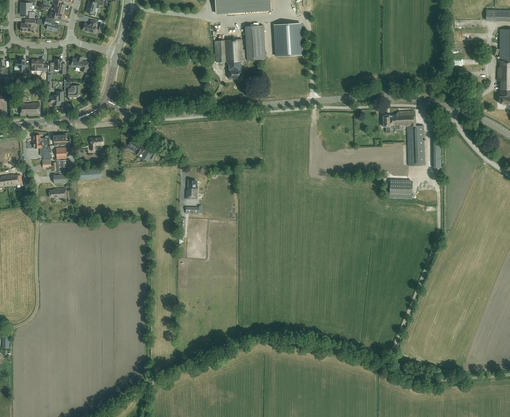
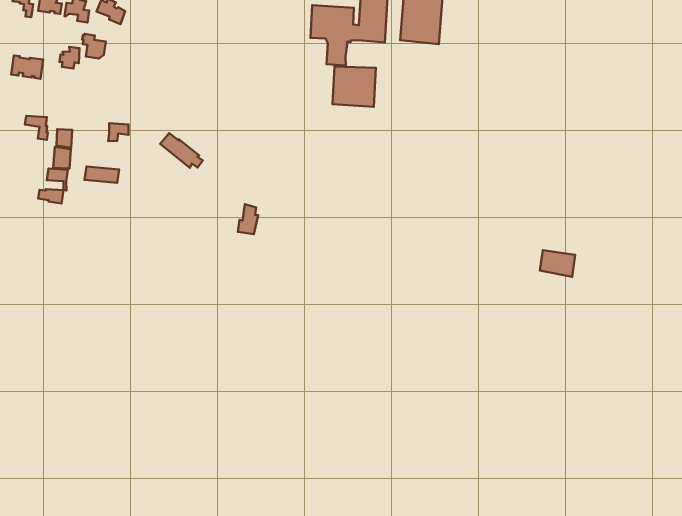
building: none -> [332,66,376,107]
building: [382,110,425,165] -> none

